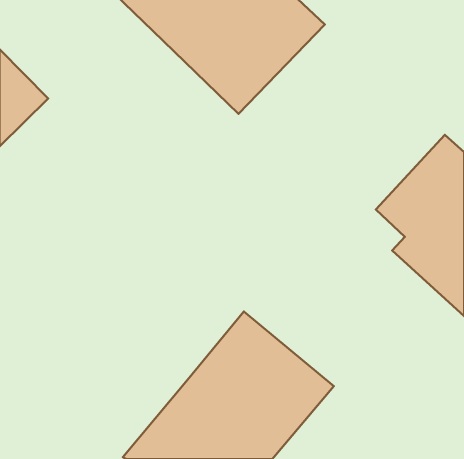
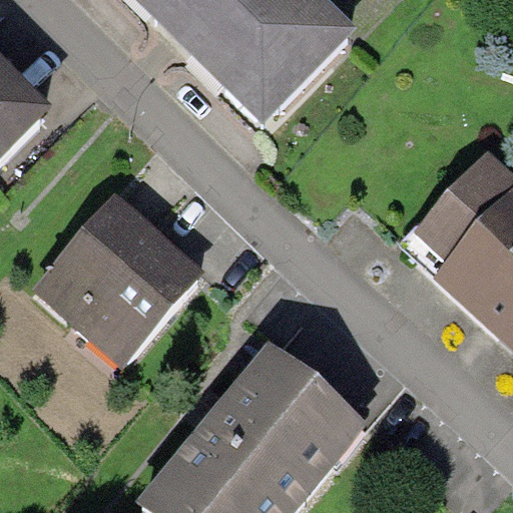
building: none -> [31,192,204,365]

